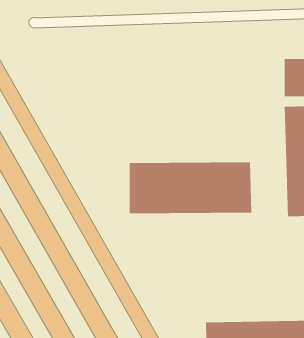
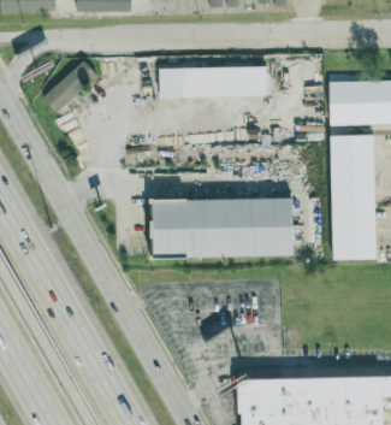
building: none -> [42,59,96,113]
building: none -> [158,65,265,96]

